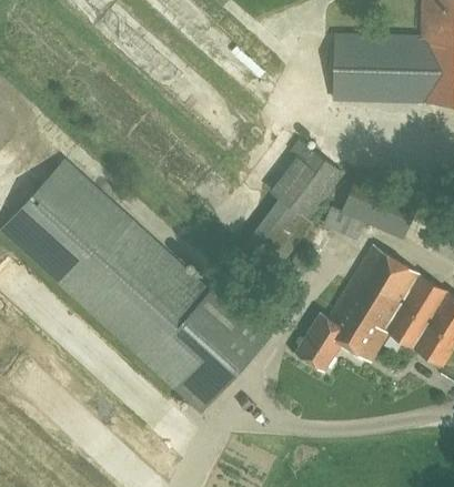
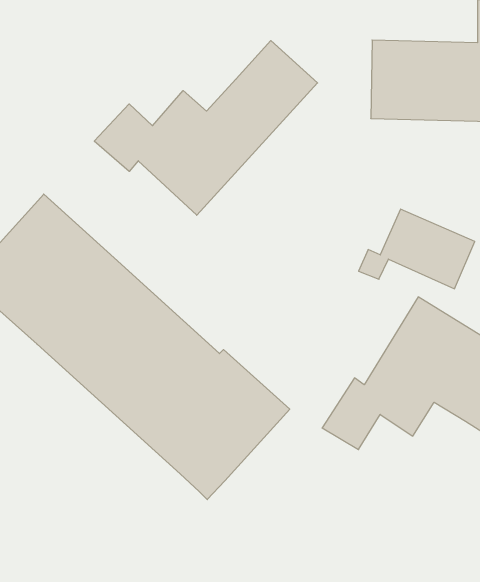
building: none -> [94,41,318,215]
building: [239,139,343,276] -> none

